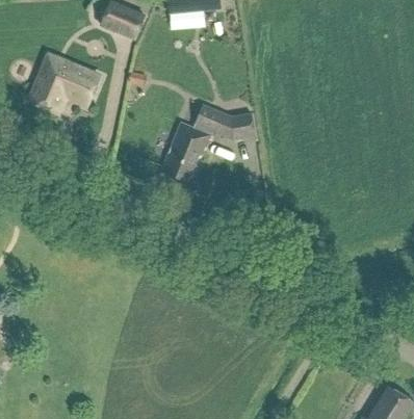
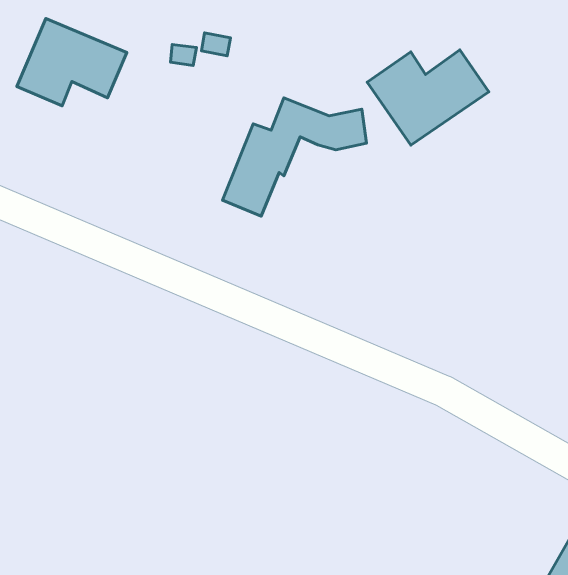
building: none -> [367,50,489,145]

